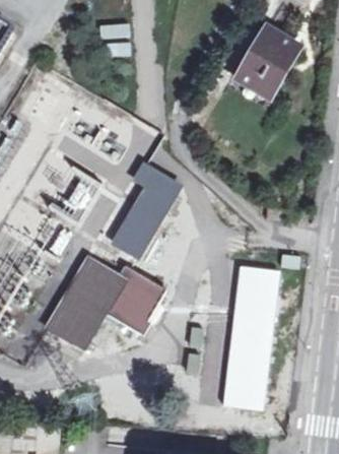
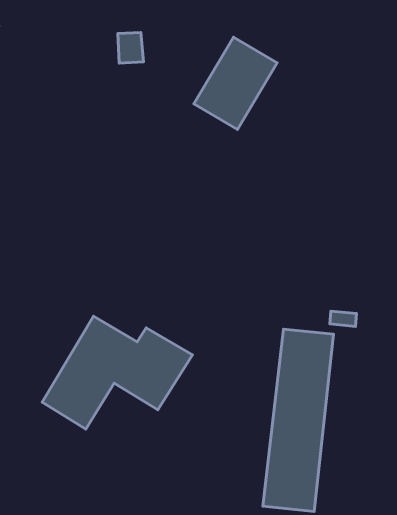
building: [233,25,299,99] -> [194,37,277,130]
building: [113,164,178,255] -> none

